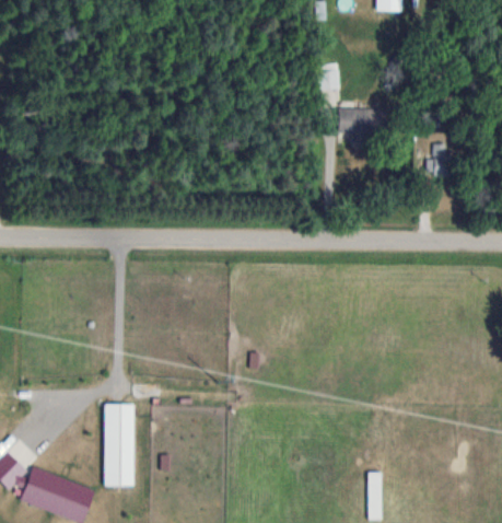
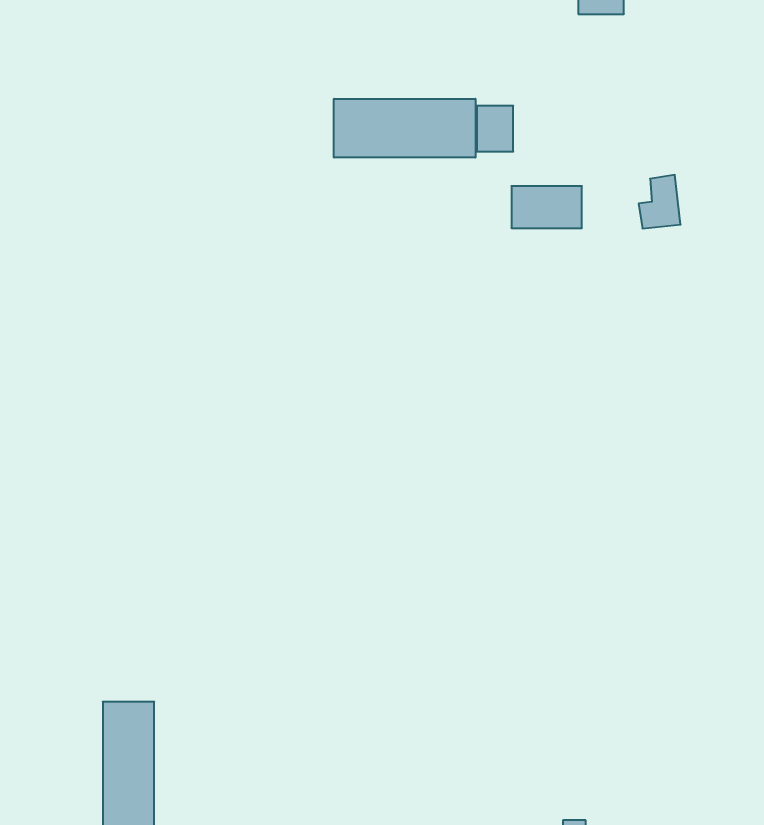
building: none -> [334,99,475,158]
building: [425,143,450,174] -> [639,175,681,228]

